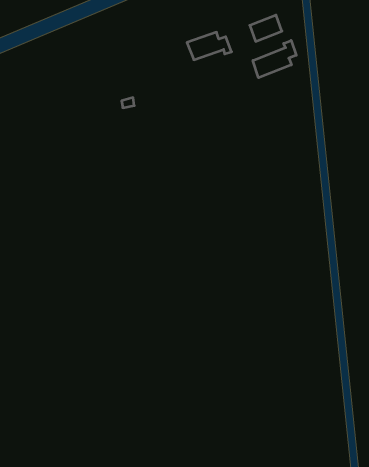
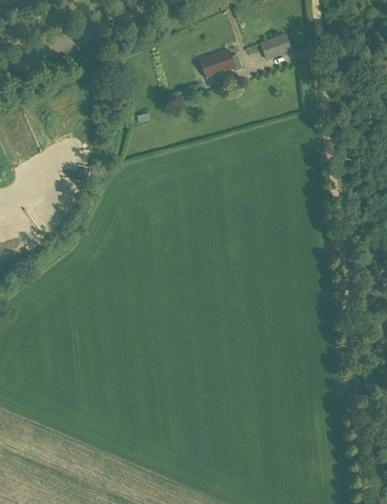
building: [253,40,296,78] -> none

